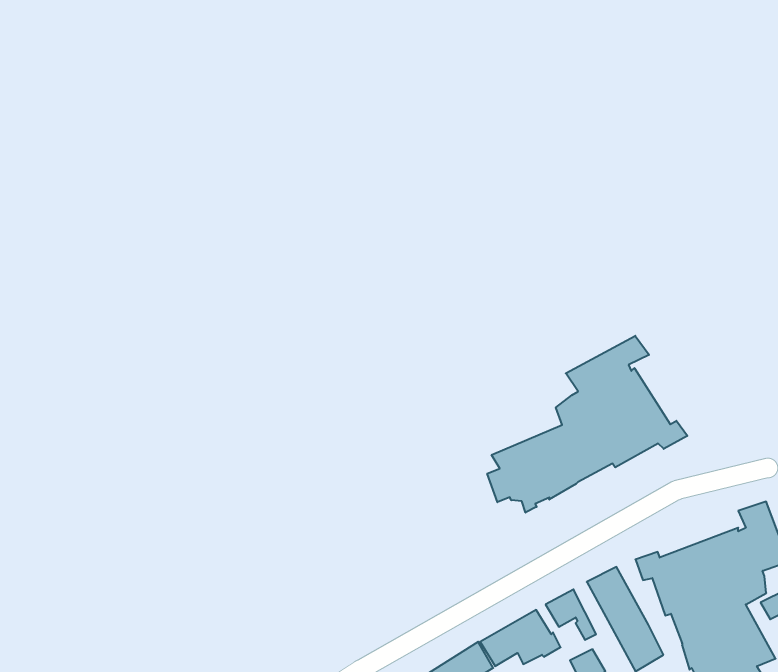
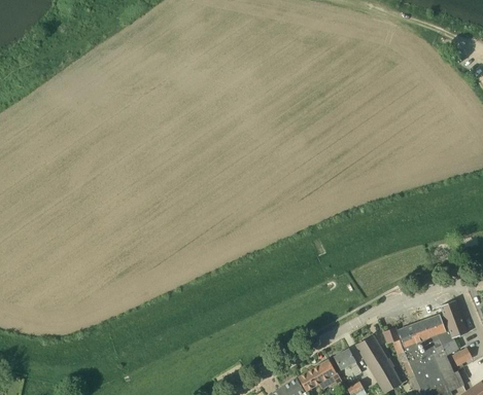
building: [487,336,687,513] -> none

